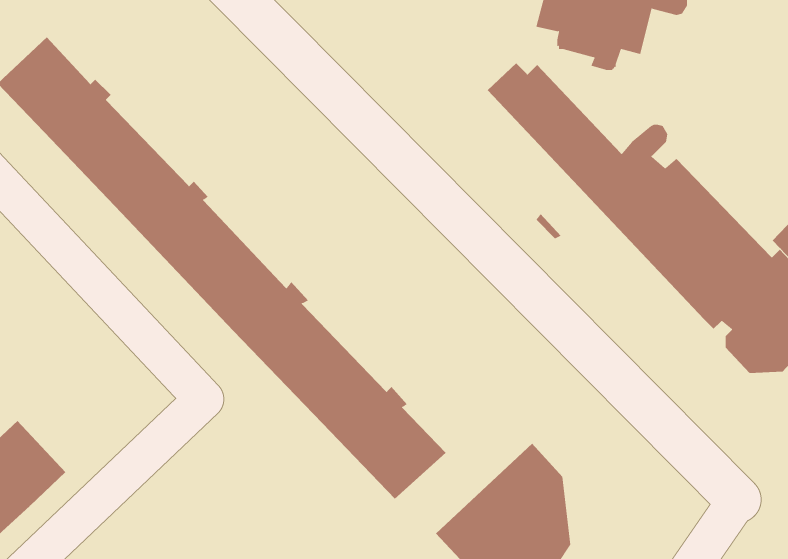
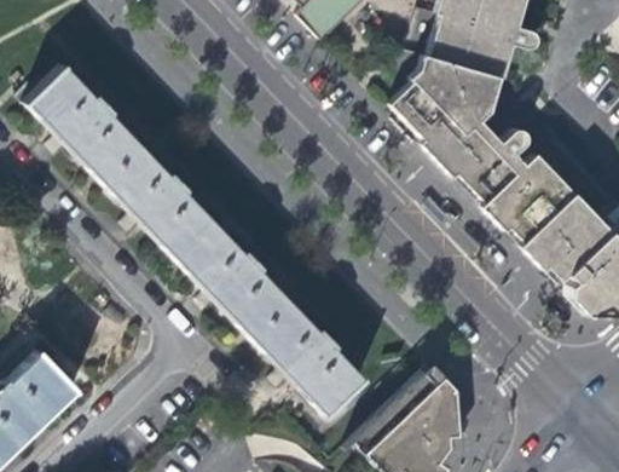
building: none -> [410,56,503,152]

